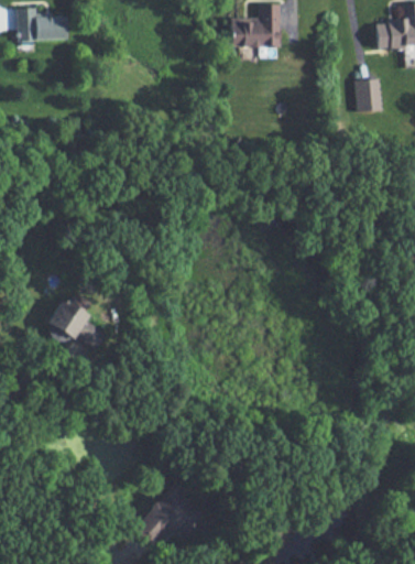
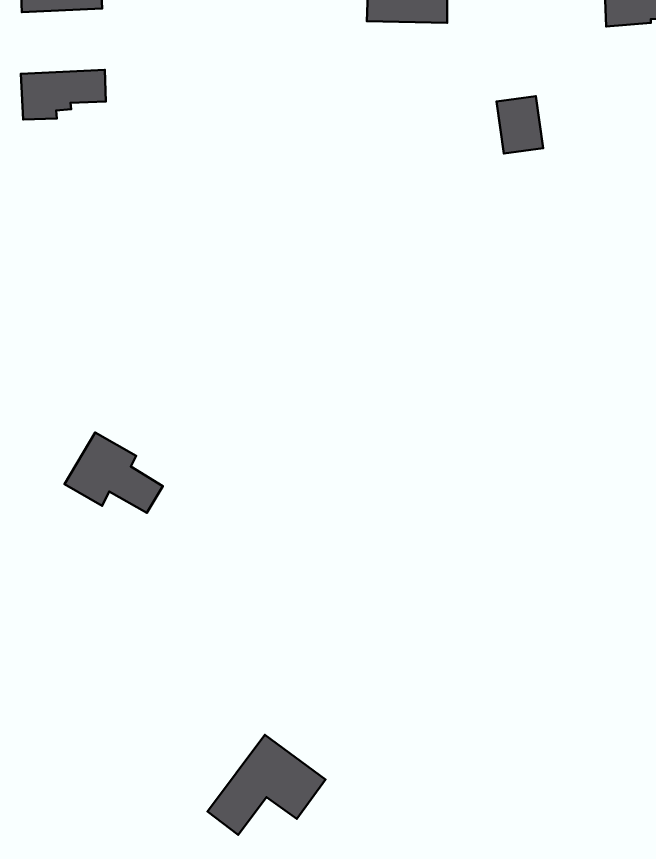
building: none -> [21,70,106,120]
building: [354,78,383,113] -> [497,96,543,153]

